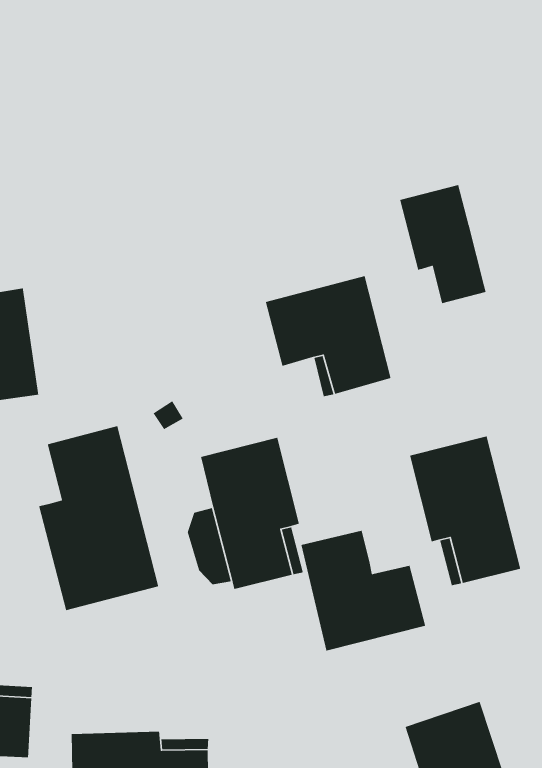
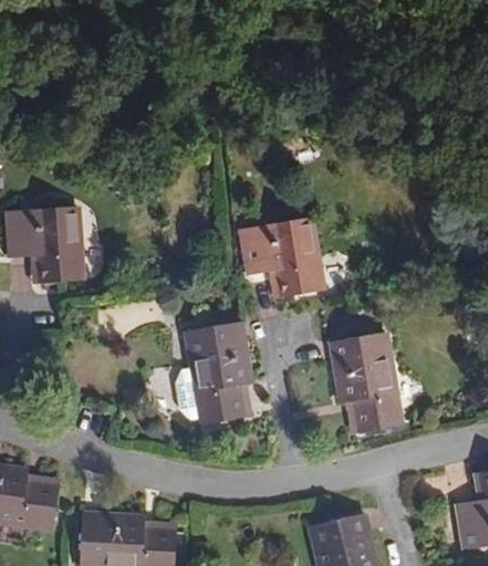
building: [399,184,486,304] -> none
building: [38,425,159,611] -> none
building: [300,530,426,652] -> none

